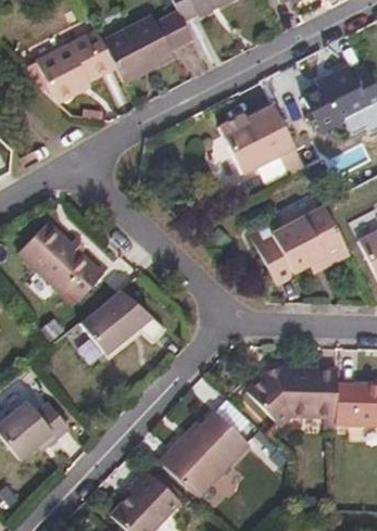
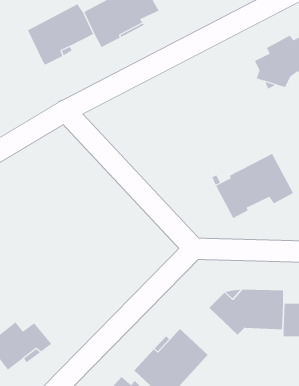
building: [221,106,305,175] -> none
building: [15,224,100,304] -> none
building: [77,292,161,355] -> none

